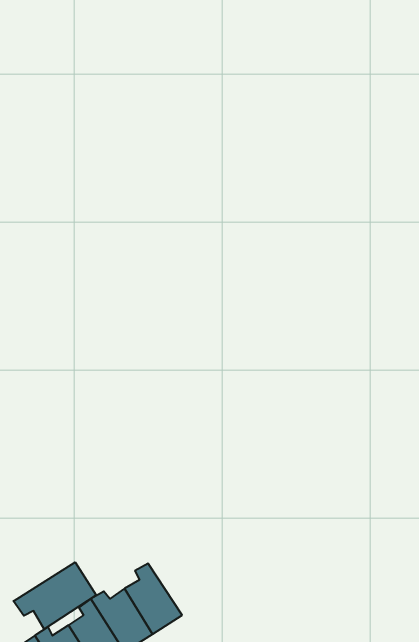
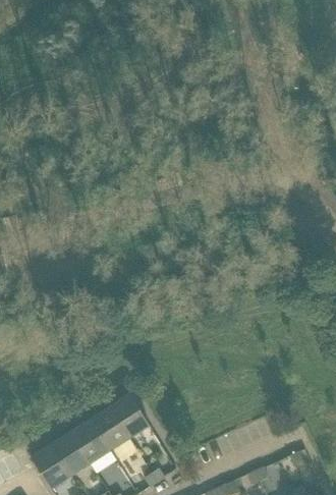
building: [13,562,96,629] -> none

